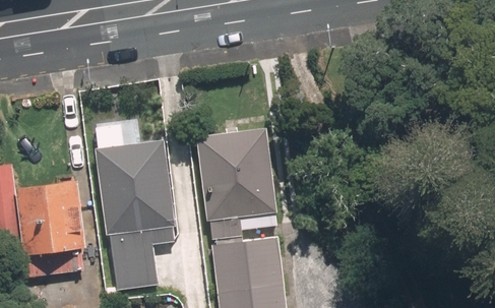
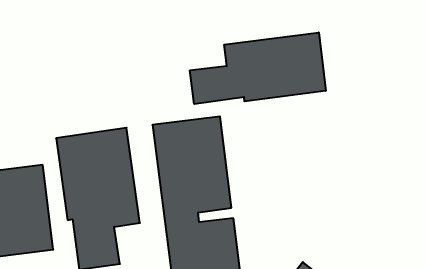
building: none -> [190,32,326,104]

